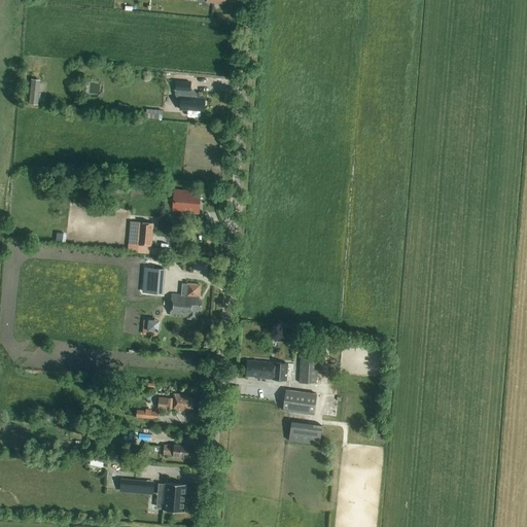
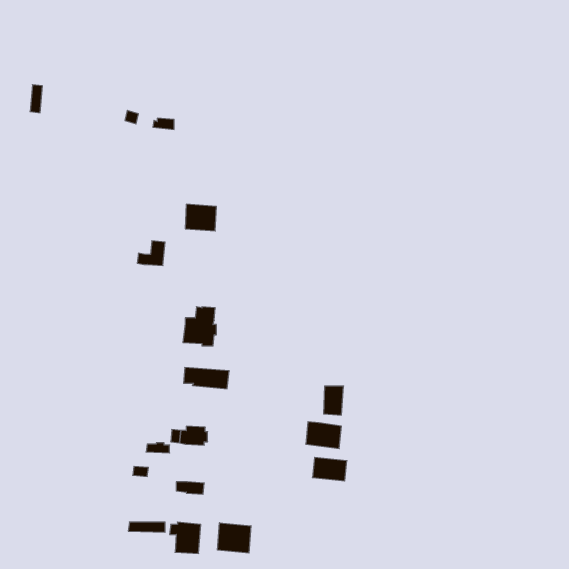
building: [174,80,204,117] -> none
building: [143,267,163,293] -> none
building: [245,360,287,380] -> [184,368,229,389]
building: none -> [218,523,251,553]

